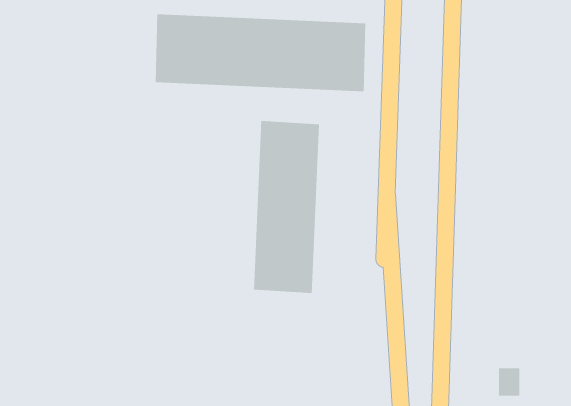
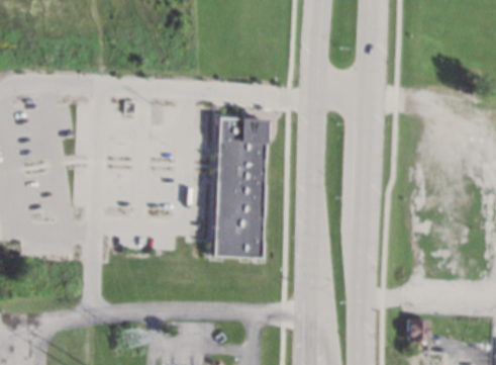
building: [155,14,366,92] -> none

